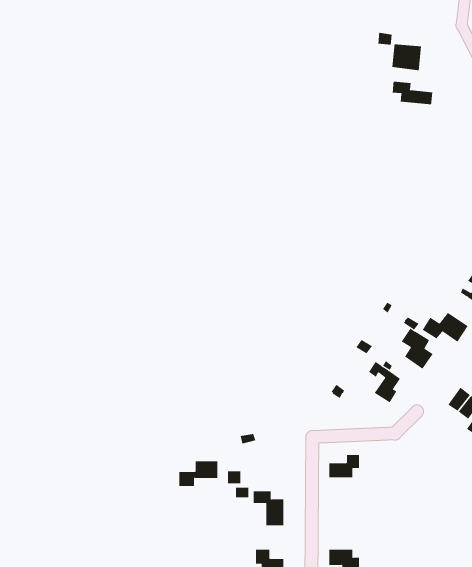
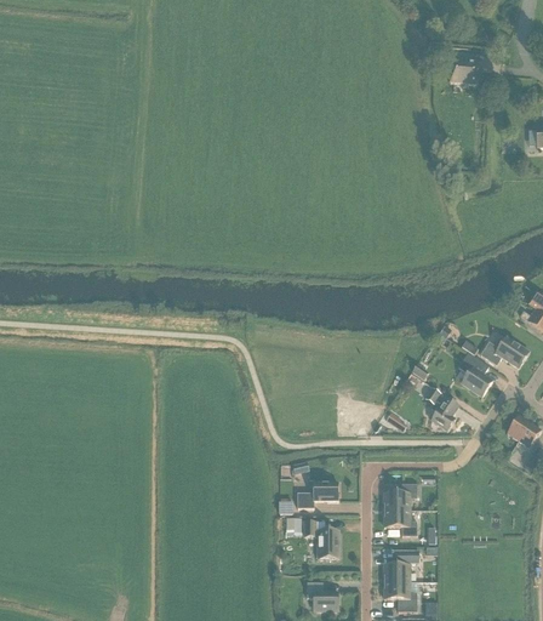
building: [392,81,433,105] -> none
building: [178,461,218,487] -> [296,482,337,508]
building: none -> [383,508,416,536]
building: none -> [383,556,416,582]

